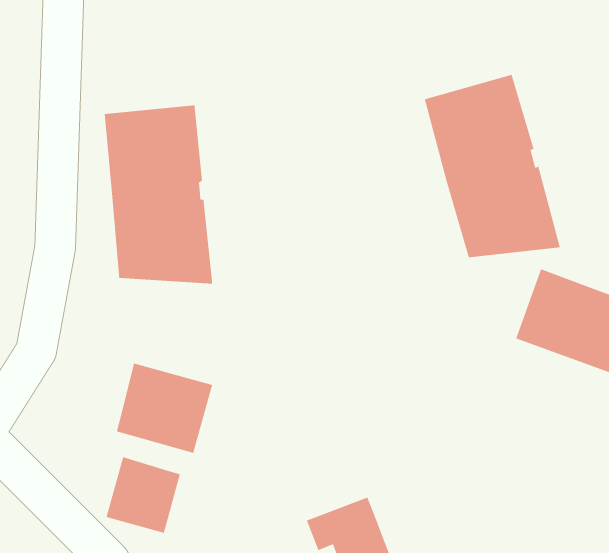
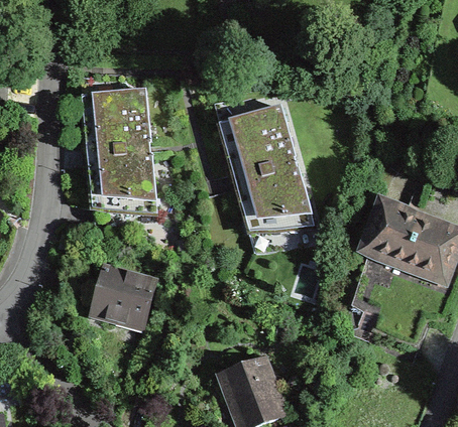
building: [424,74,561,258] -> [220,104,314,230]
building: [106,456,181,534] -> none

